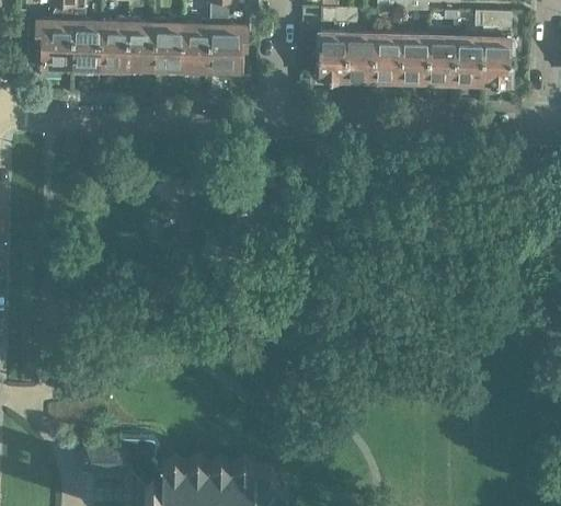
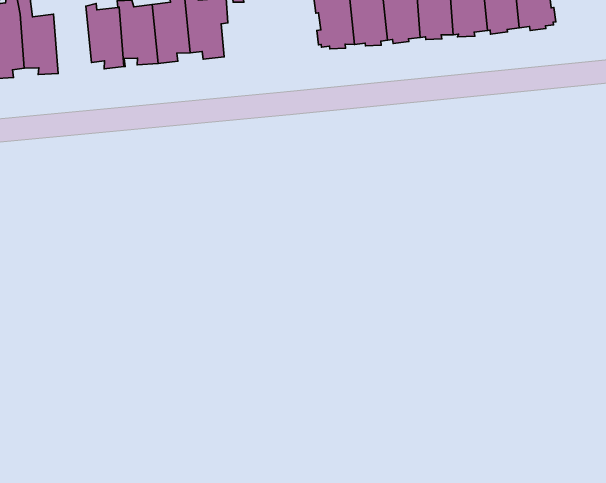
building: [96,23,126,76] -> none

